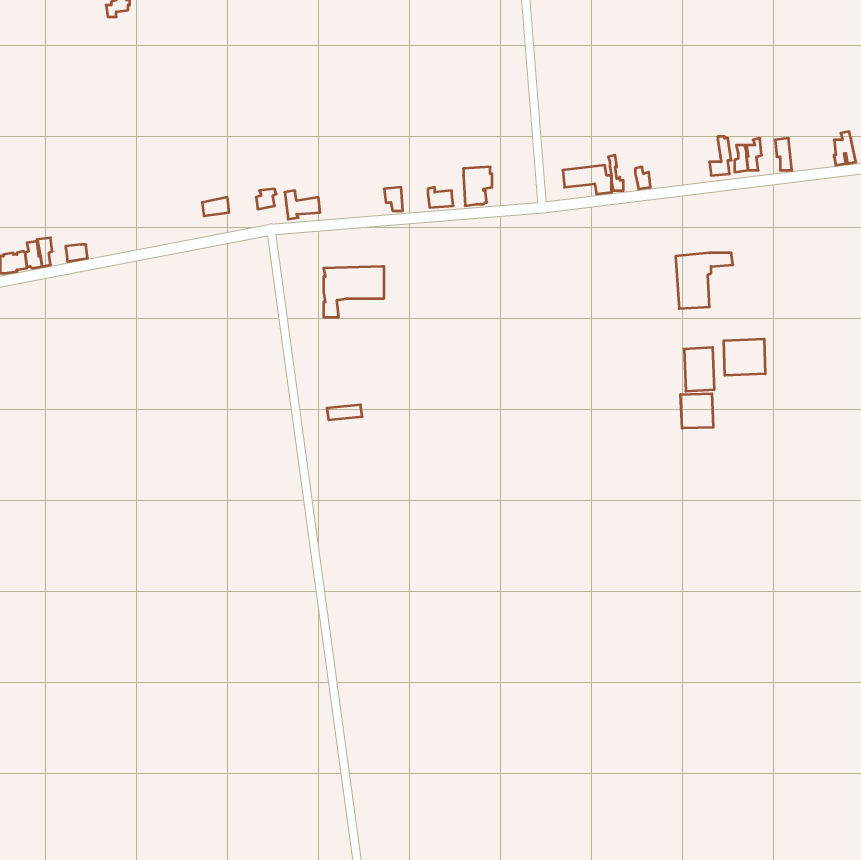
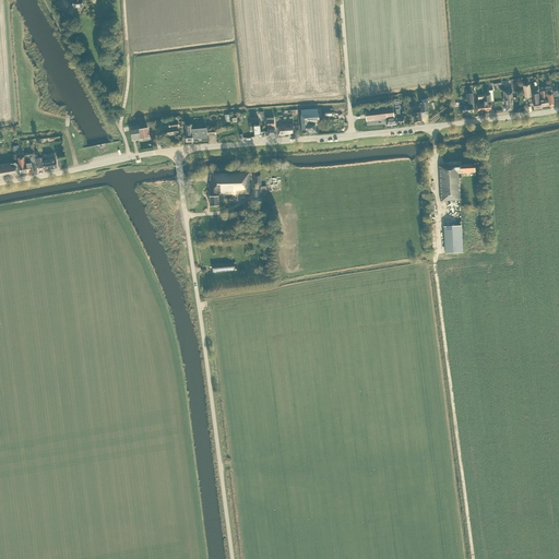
building: [724,339,765,375] -> none
building: [681,394,713,428] -> none

